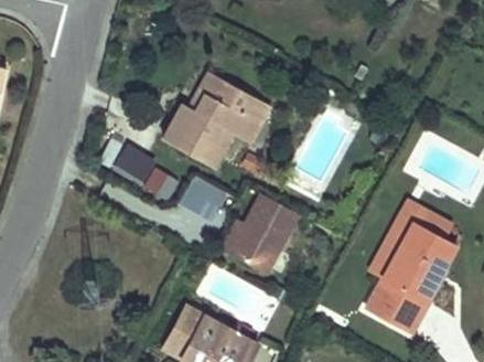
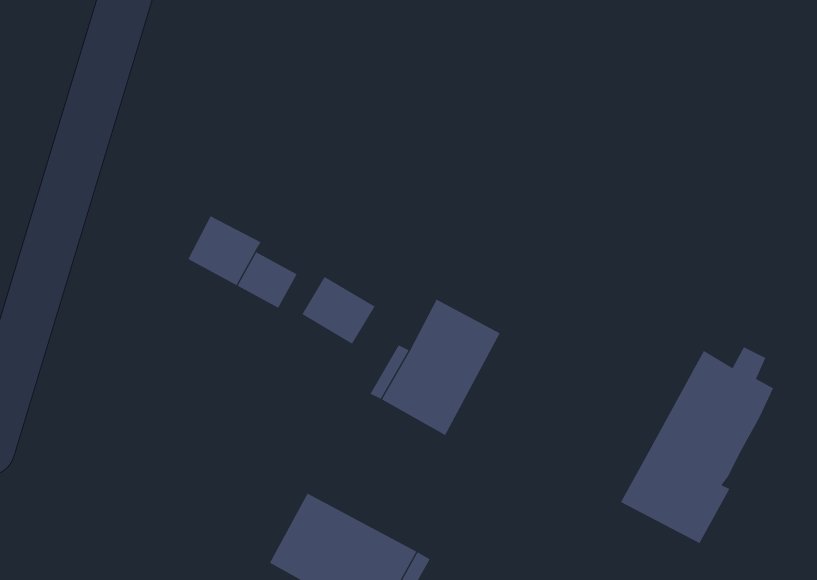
building: [162,71,269,166] -> none
building: [370,205,438,281] -> none

